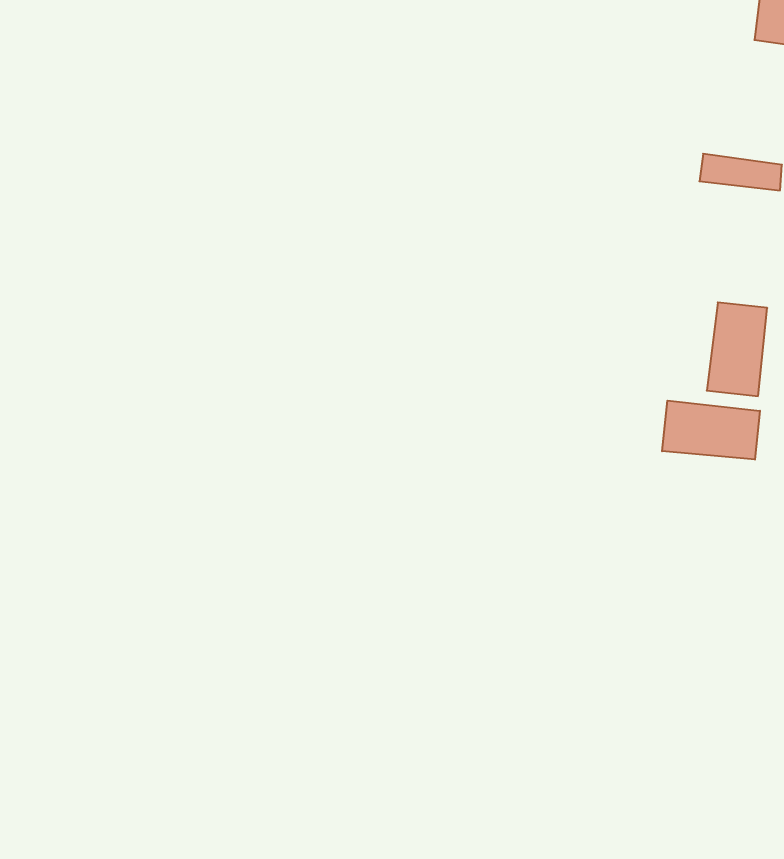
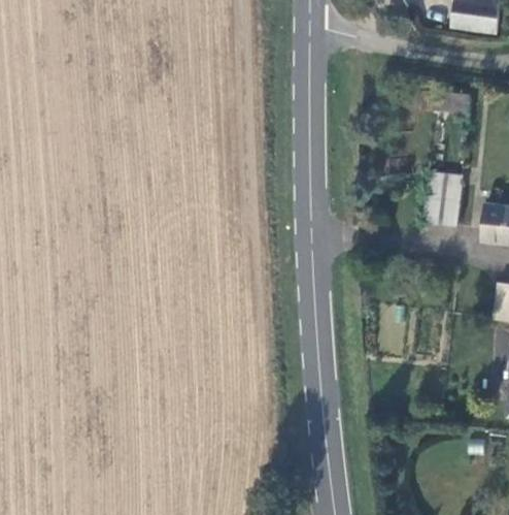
building: [662,401,760,460] -> none

